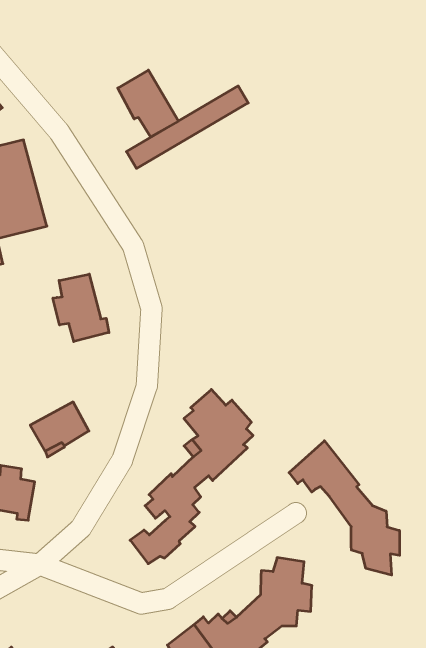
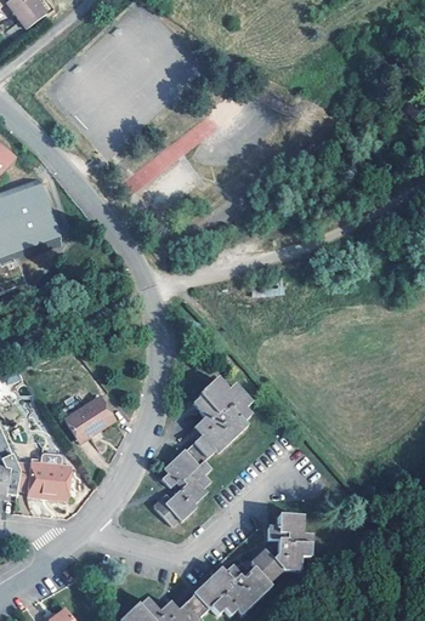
building: [118,70,178,137] -> none
building: [53,274,109,342] -> none
building: [289,441,400,575] -> none

